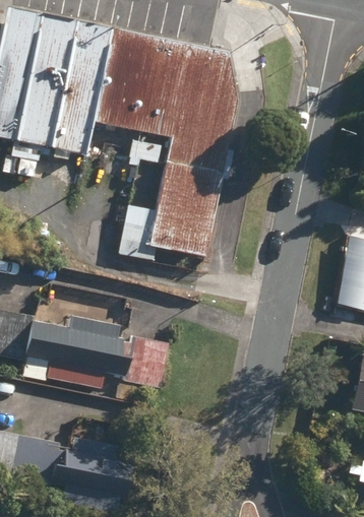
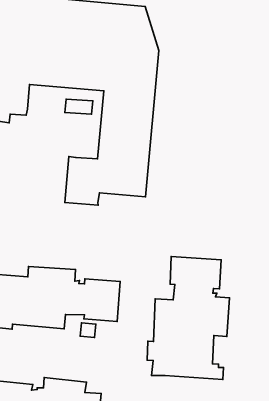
building: none -> [147,257,230,379]

